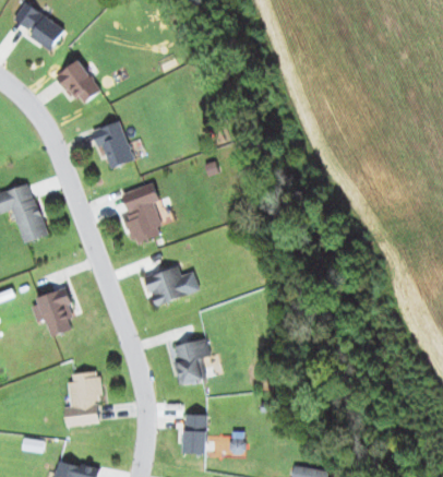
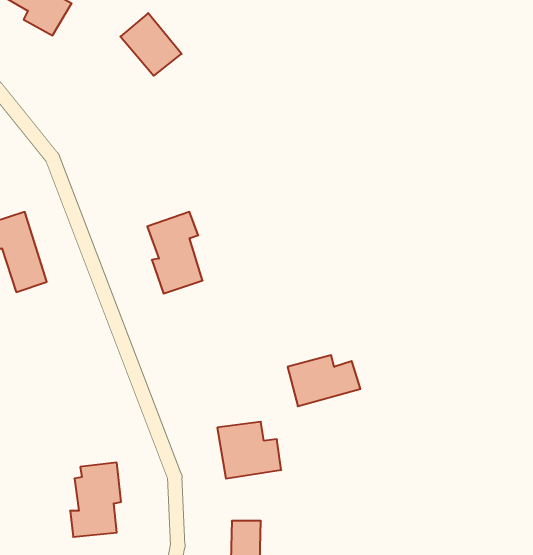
building: [56,59,101,106] -> [120,13,182,76]
building: [91,120,133,168] -> none
building: [145,266,200,305] -> [288,355,360,406]
building: [31,287,73,336] -> none

